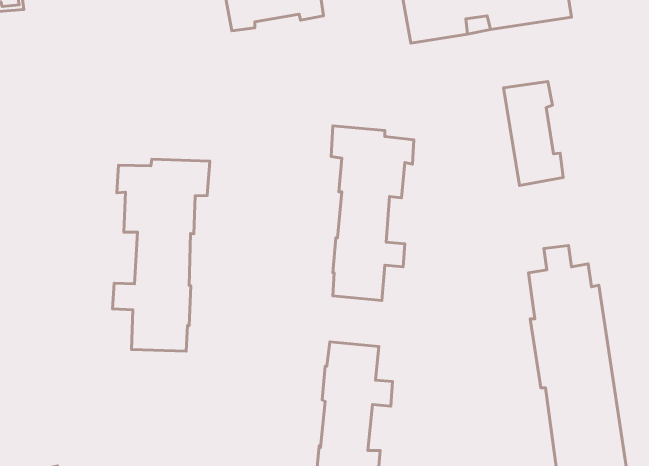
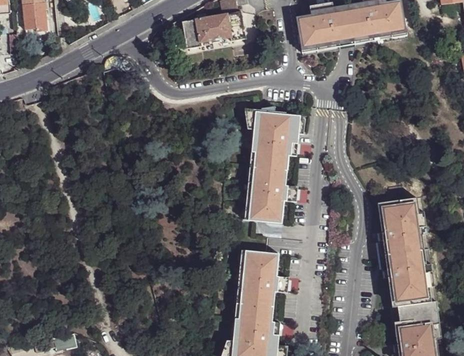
building: [504,82,563,185] -> none
building: [113,159,210,351] -> none

